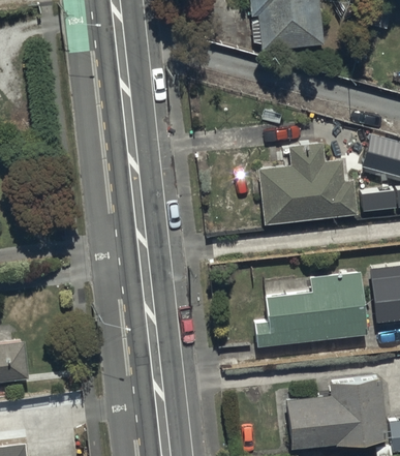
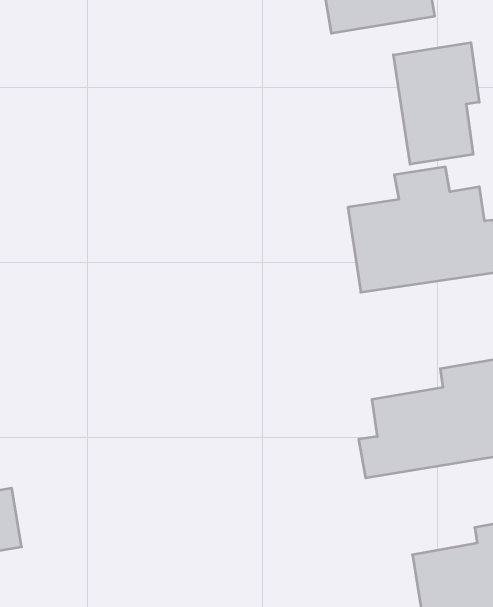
building: none -> [393,43,479,164]

